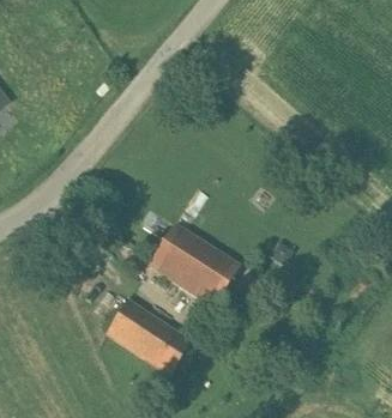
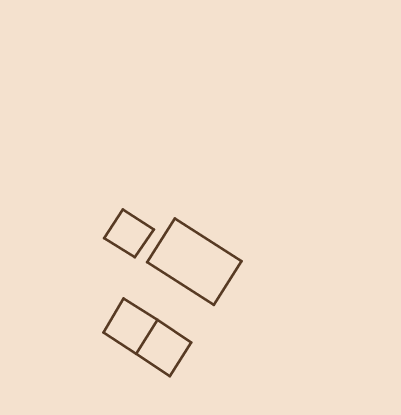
building: none -> [104,209,154,257]

